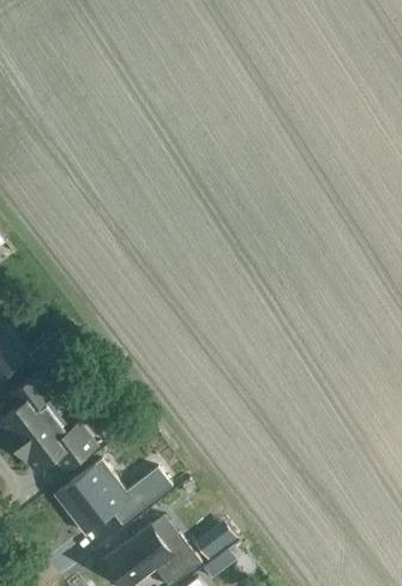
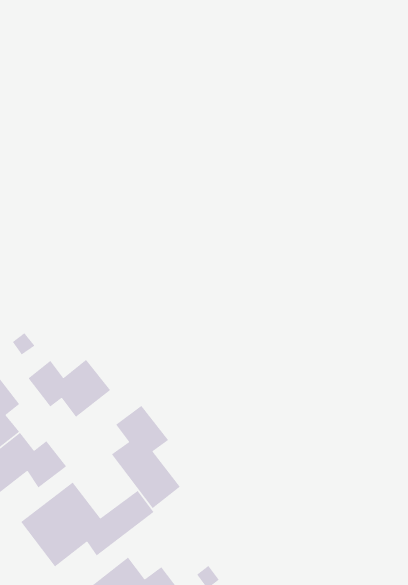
building: none -> [28,359,111,418]
building: none -> [111,405,181,509]

